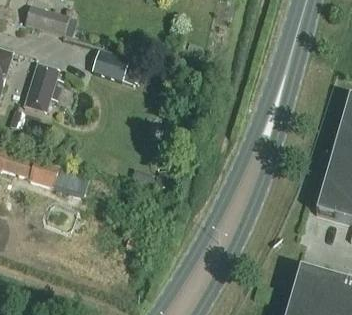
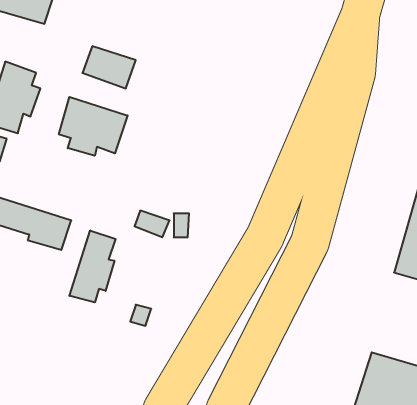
building: none -> [59,97,128,156]
building: none -> [69,230,116,302]

